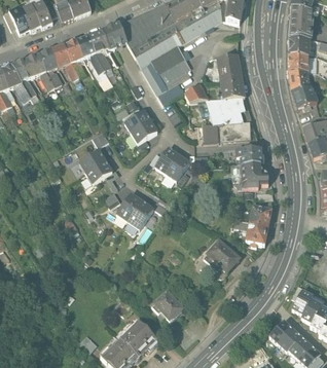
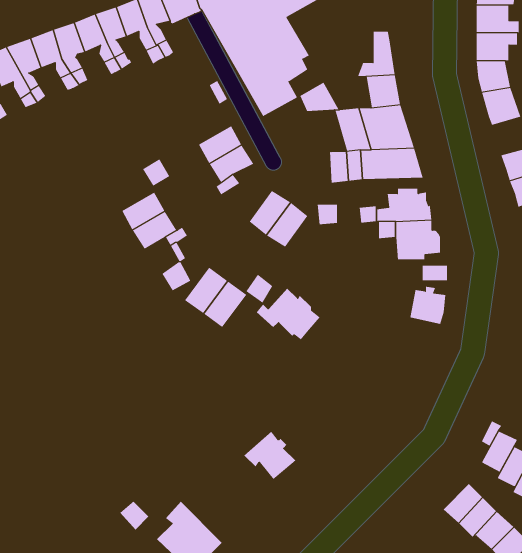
building: [243,223,267,246] -> none
building: [201,241,239,271] -> [256,288,320,340]
building: [114,318,156,356] -> none

